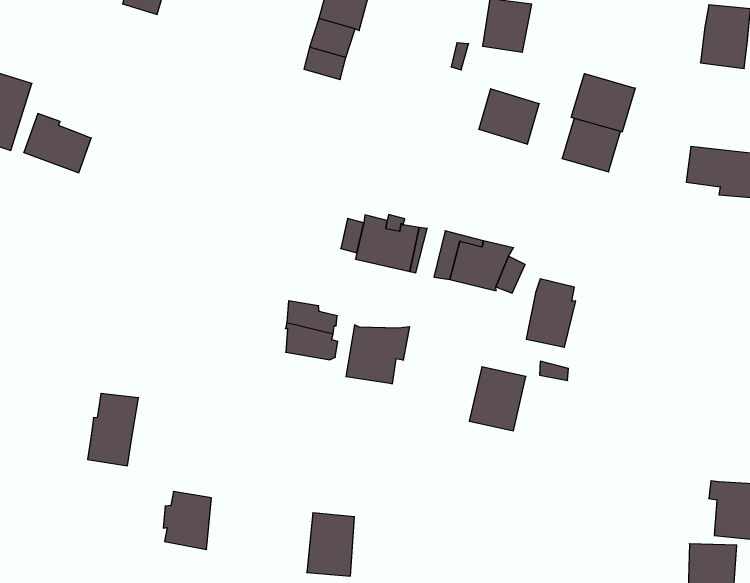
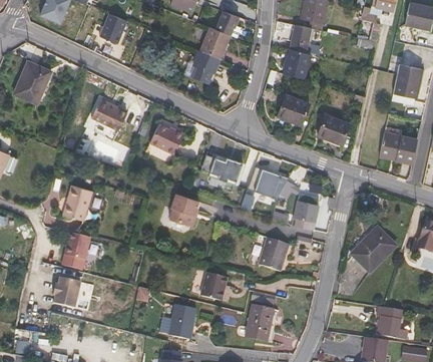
building: [571,74,635,132] -> none
building: [24,114,91,173] -> [91,98,126,130]
building: none -> [147,124,182,154]
building: none -> [62,184,92,220]
building: [346,325,409,384] -> none
building: none -> [351,226,396,272]
building: none -> [199,271,227,299]
building: [163,492,211,549] -> [54,276,80,307]
building: none -> [246,305,277,339]

